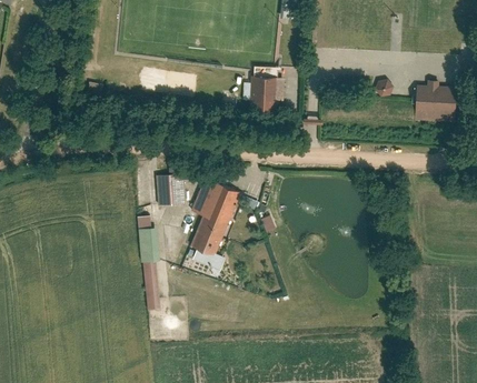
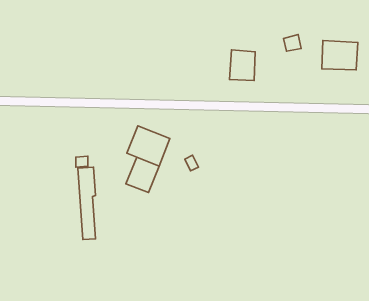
building: [254,73,282,108] -> [230,50,255,80]
building: [156,174,185,205] -> none

